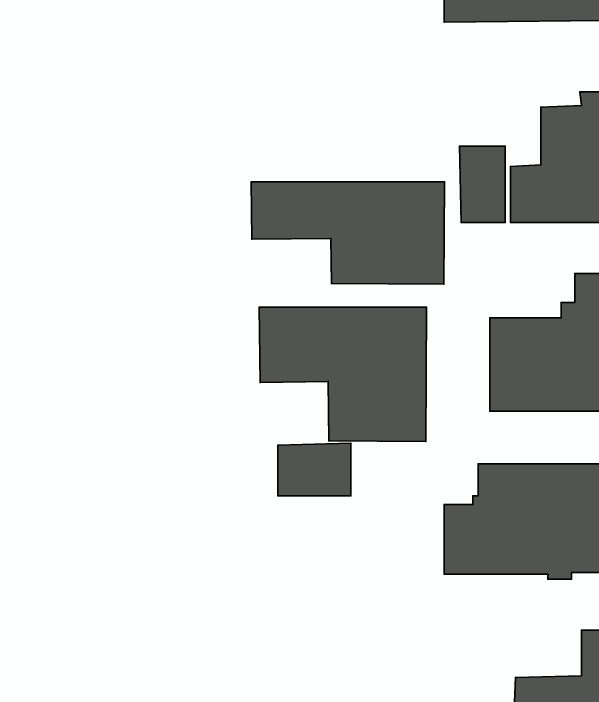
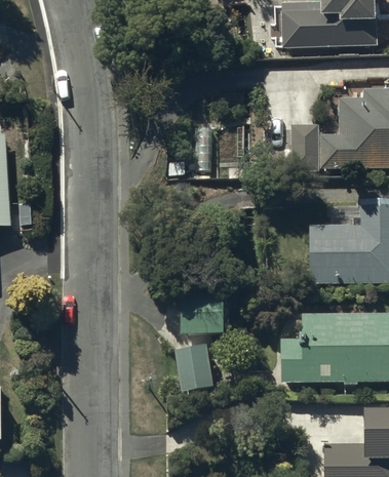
building: [251,182,444,284] -> none
building: [259,307,426,442] -> none
building: none -> [174,344,213,390]

